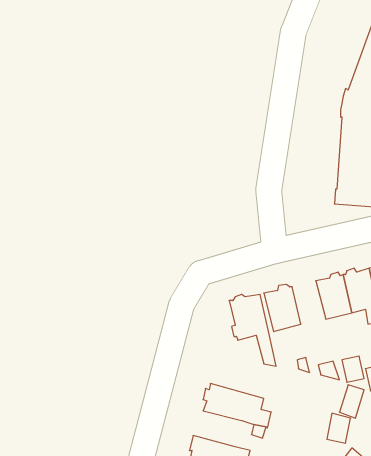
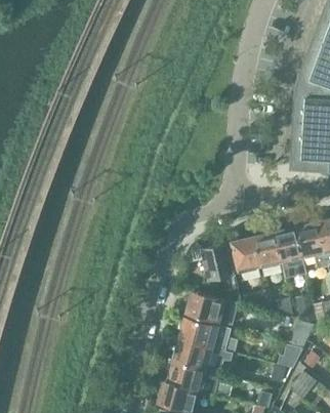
building: none -> [254,234,282,270]
building: none -> [185,293,238,327]
building: none -> [172,341,213,371]

